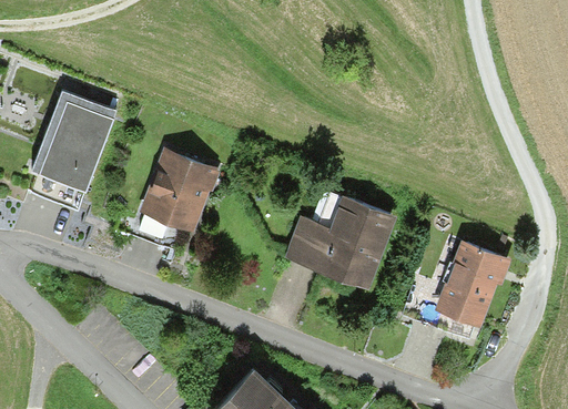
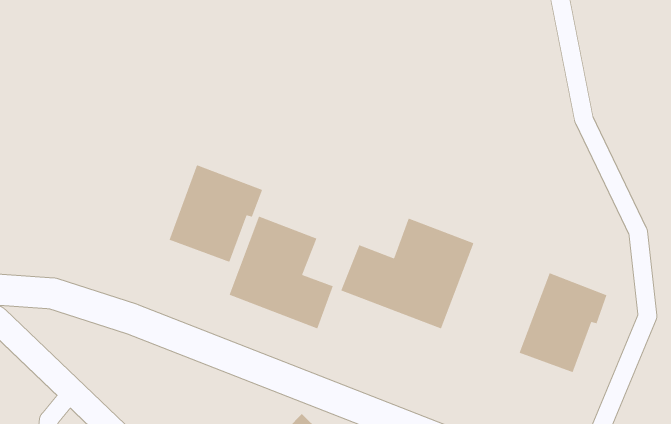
building: [27,95,118,215] -> none
building: none -> [228,216,334,329]

